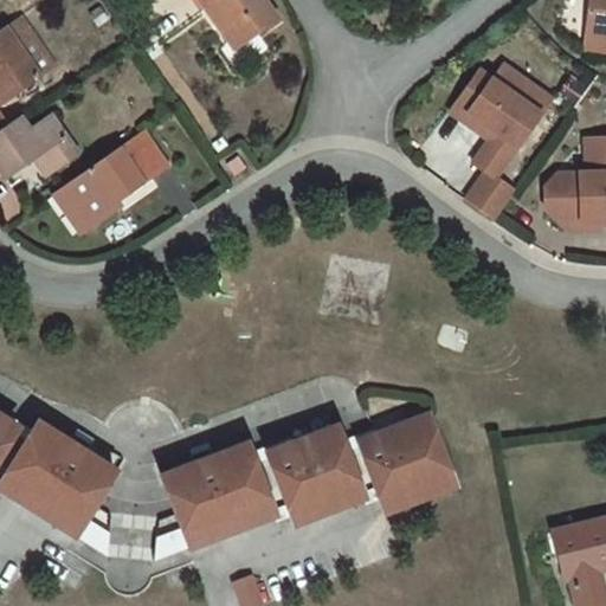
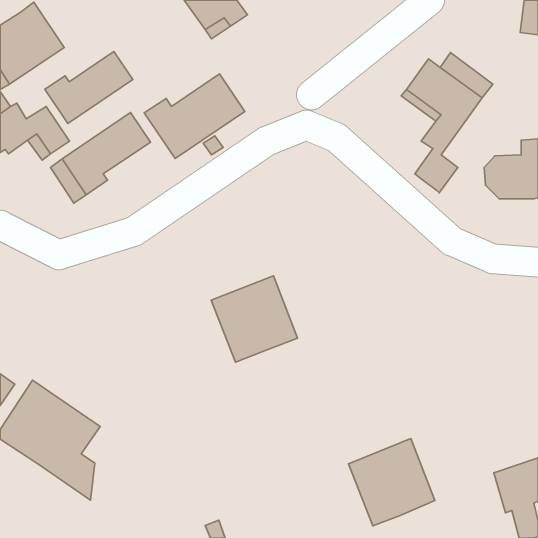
building: none -> [45,51,133,123]
building: none -> [144,74,245,159]
building: [353,419,450,517] -> [349,439,435,526]
building: [262,433,359,530] -> [211,276,298,362]
building: [149,451,269,568] -> none

